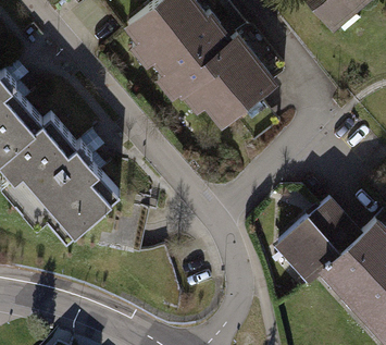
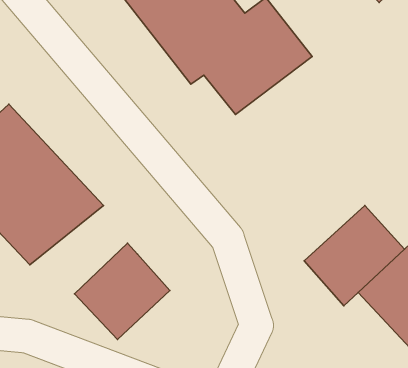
building: none -> [75,243,170,340]

